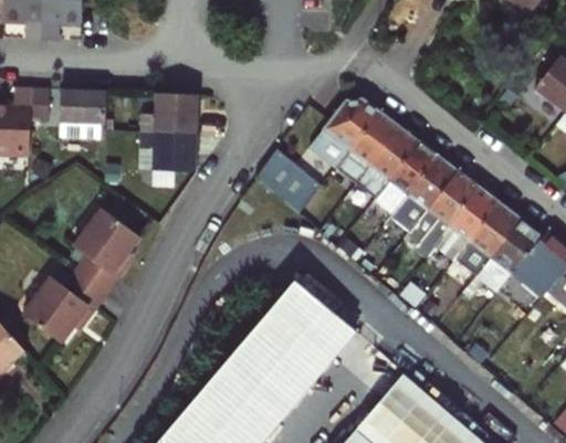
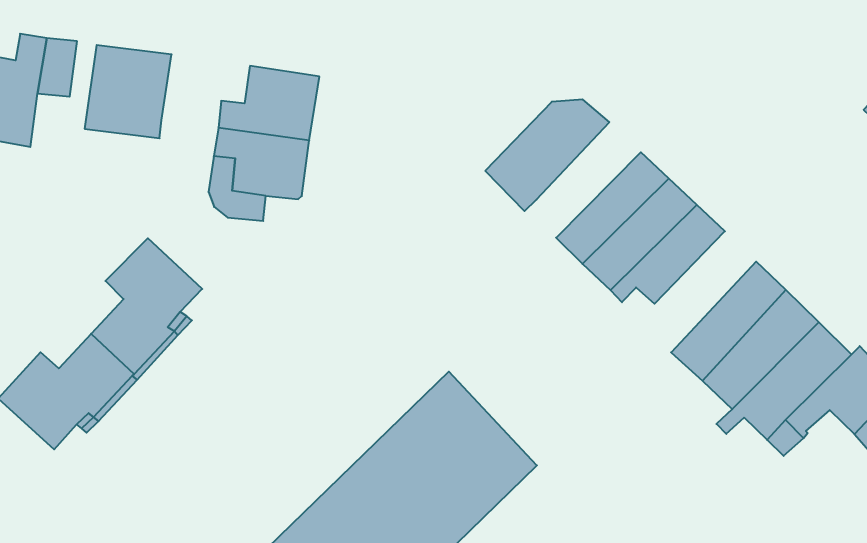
building: [334,110,401,184] -> none
building: [258,147,323,210] -> none
building: [411,170,479,257] -> none

